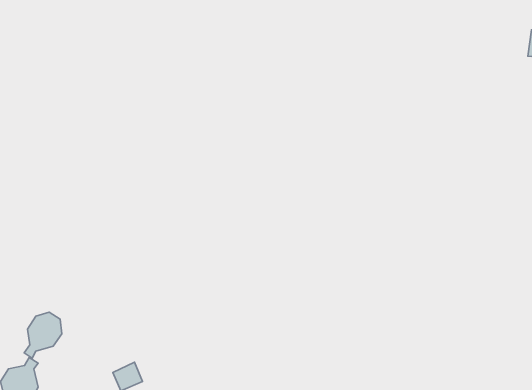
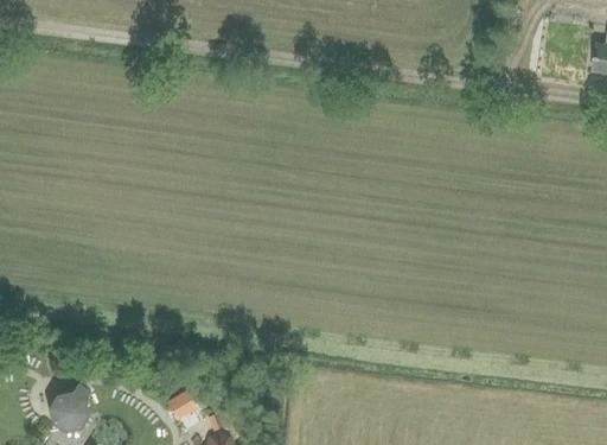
building: [24,312,62,358] -> none

